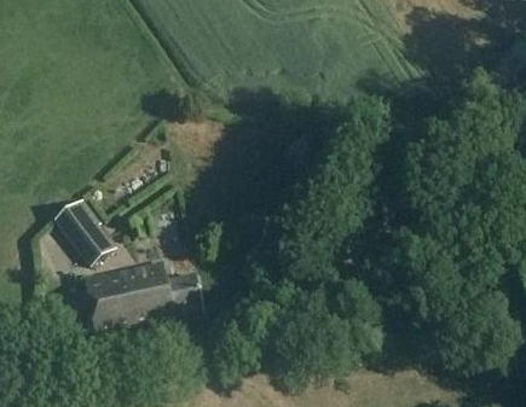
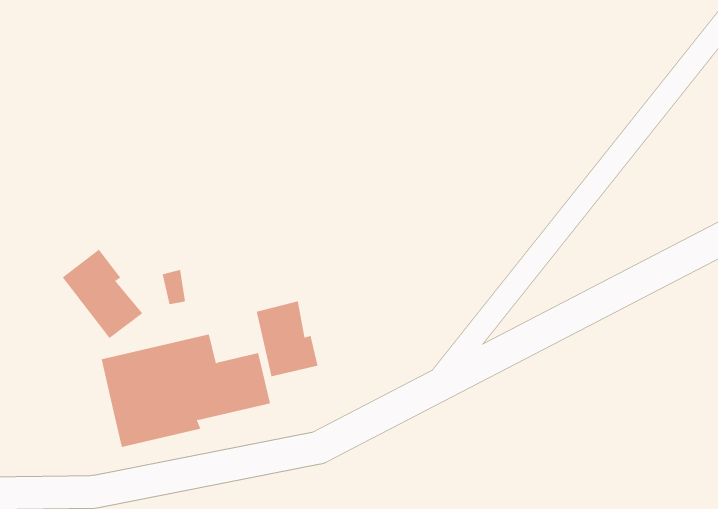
building: none -> [256,301,318,377]

